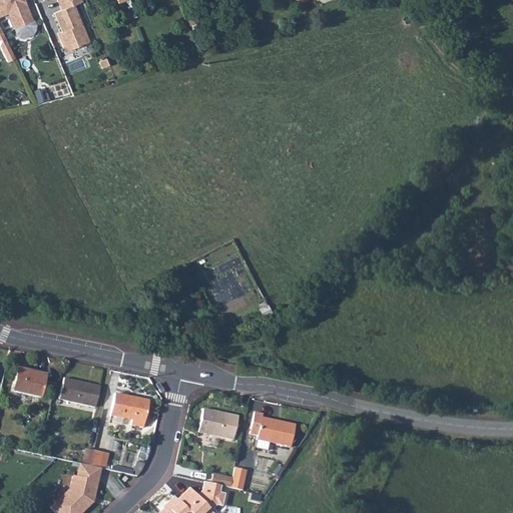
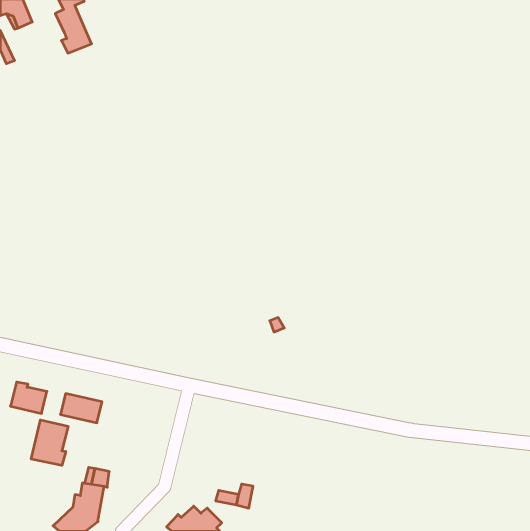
building: [110,393,149,428] -> none
building: none -> [31,420,68,465]
building: [197,408,237,439] -> none
building: [248,411,295,448] -> none

